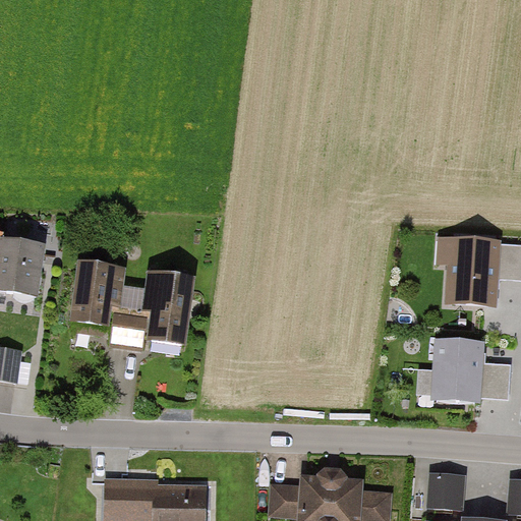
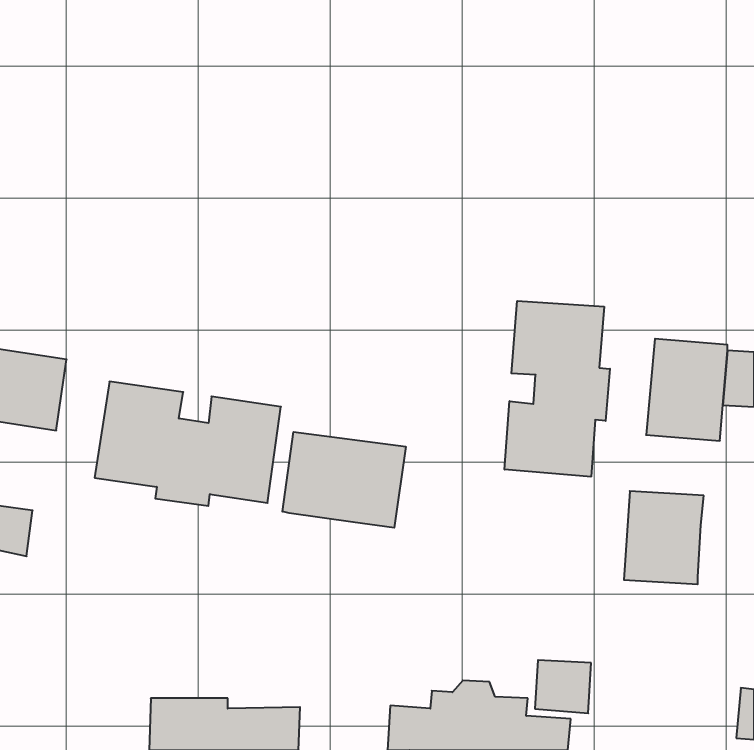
building: none -> [505,301,610,477]
building: none -> [282,432,406,528]
building: [480,361,511,399] -> none
building: [426,468,465,505] -> [535,660,591,713]

